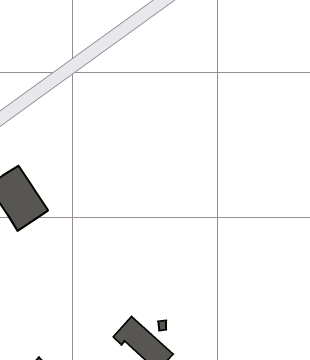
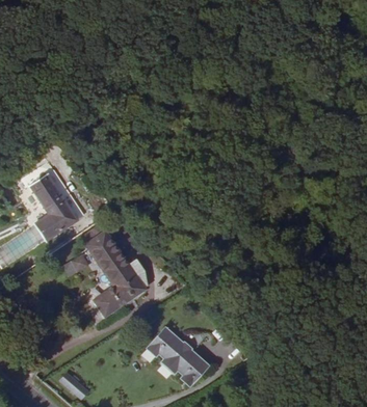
building: none -> [89,229,141,314]

